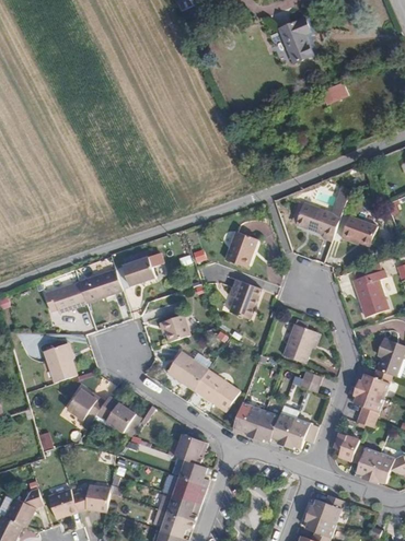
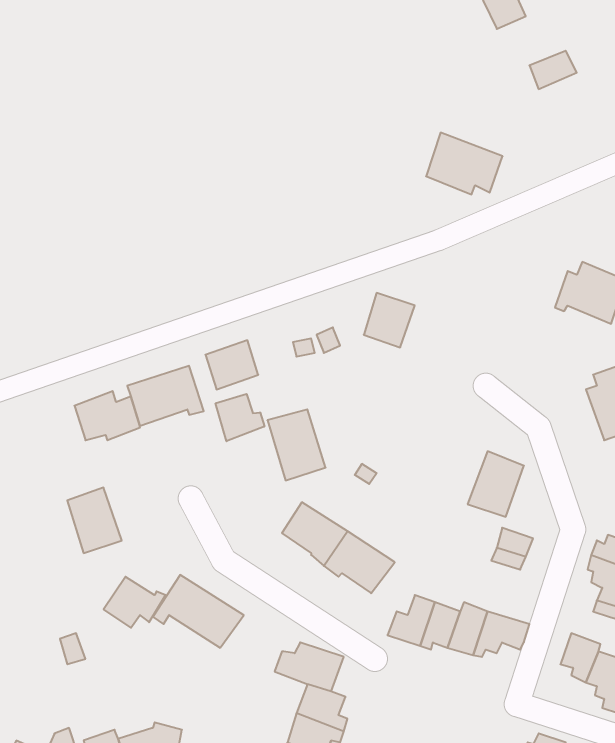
building: [297,200,343,237] -> [426,133,503,194]
building: [229,278,261,318] -> none
building: none -> [216,394,264,441]

